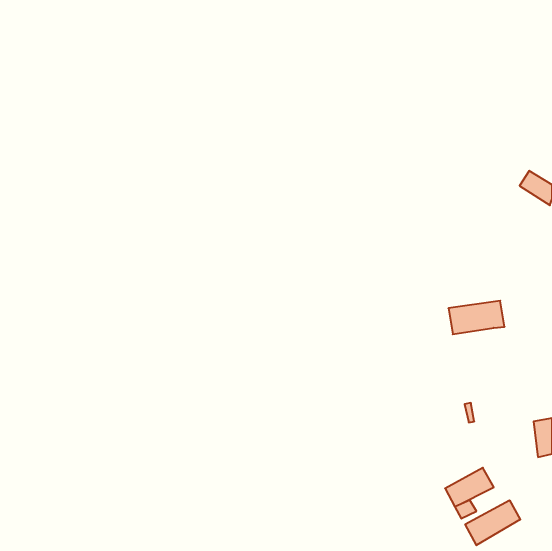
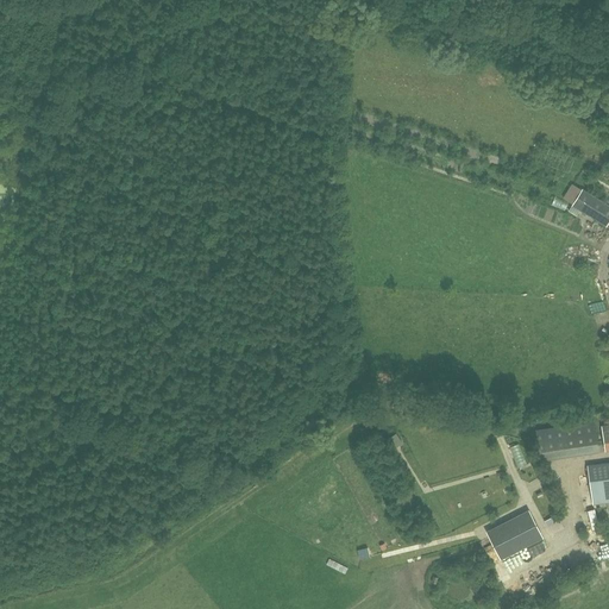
building: [448,301,505,334] -> [536,420,598,457]
building: [465,500,520,545] -> none

